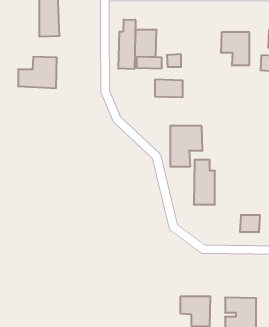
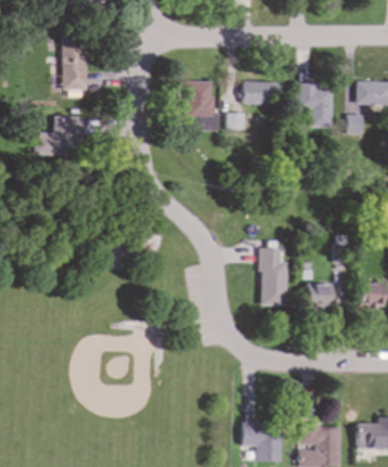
building: [118,19,135,69] -> none
building: [155,80,183,97] -> [242,81,277,104]
building: [170,126,202,167] -> none
building: [240,215,260,232] -> [307,284,333,306]

